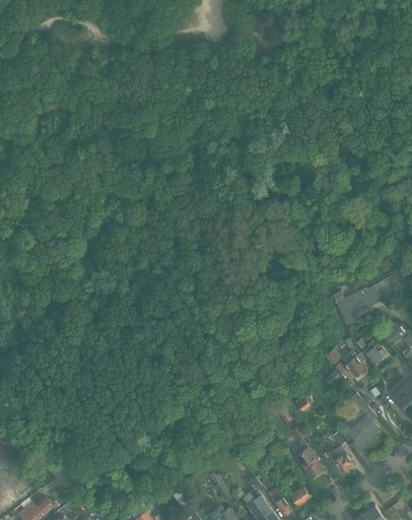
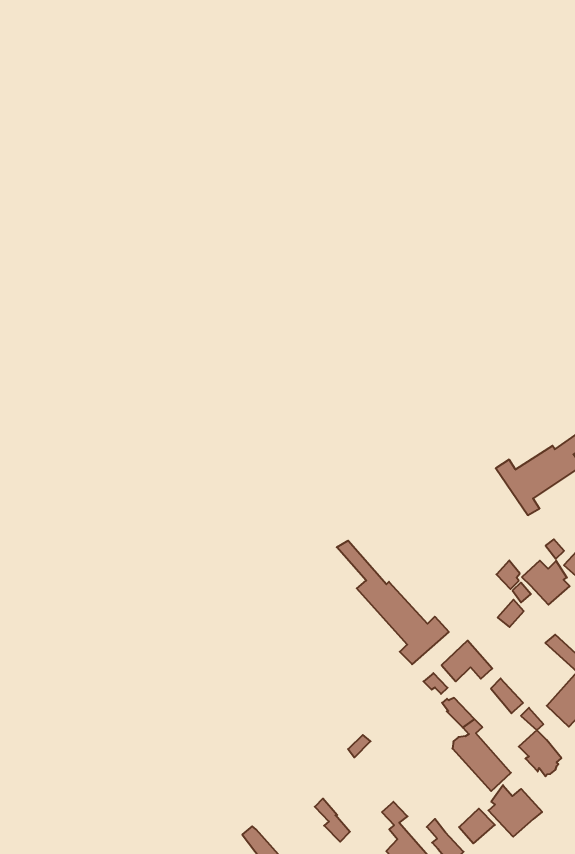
building: none -> [337,541,449,664]
building: none -> [488,785,542,837]

